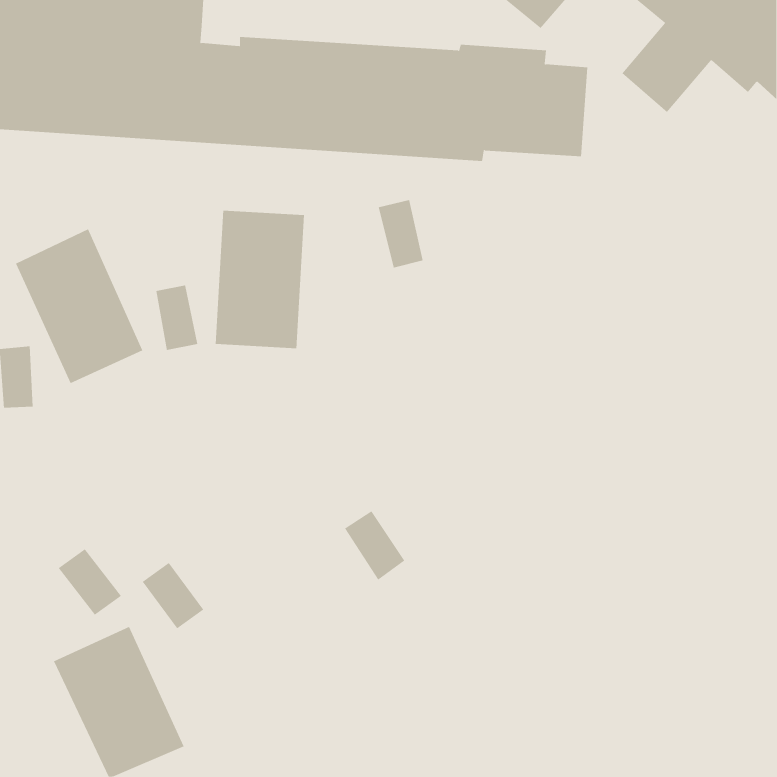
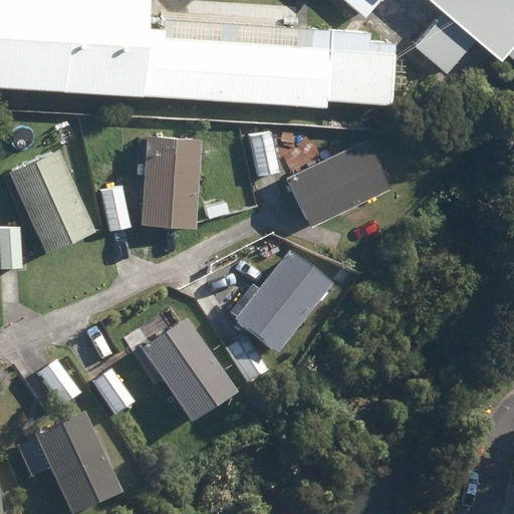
building: none -> [280,131,383,219]
building: none -> [238,252,333,351]
building: none -> [144,321,236,423]

